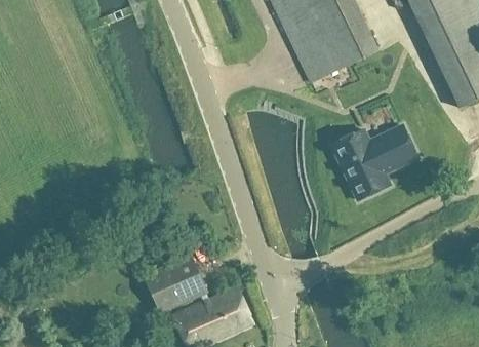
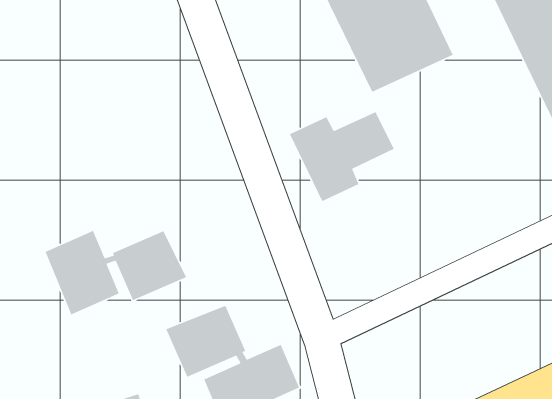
building: [331,125,417,199] -> [289,111,395,202]
building: none -> [45,230,187,315]

